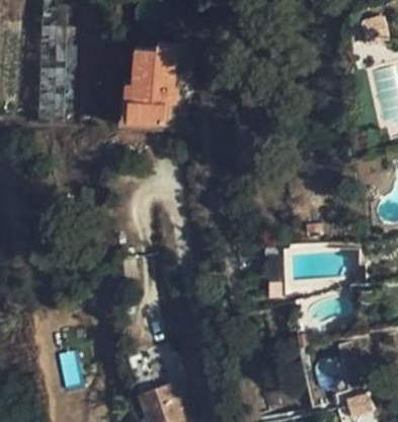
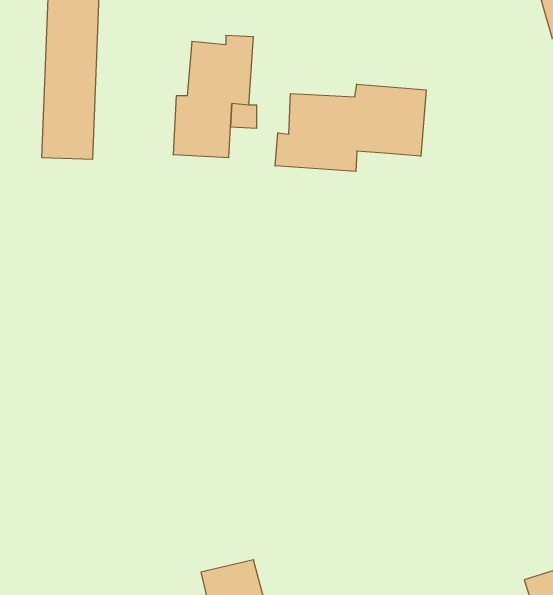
building: none -> [275,84,426,171]

